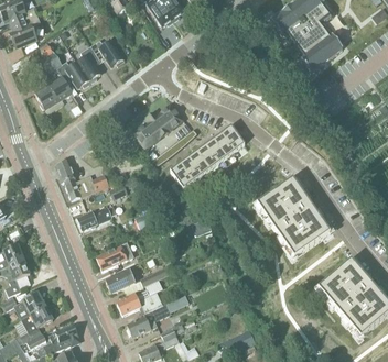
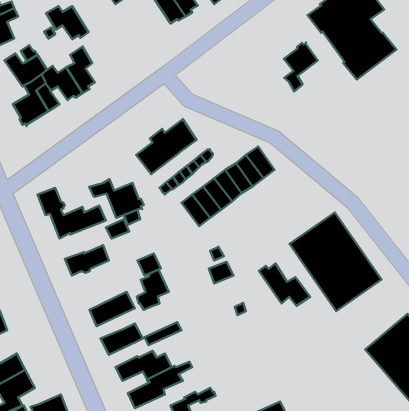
building: [90,41,125,67] -> [46,6,89,39]
building: none -> [284,42,318,92]
building: none -> [89,179,144,218]
building: none -> [259,264,310,306]
building: none -> [137,270,169,310]

